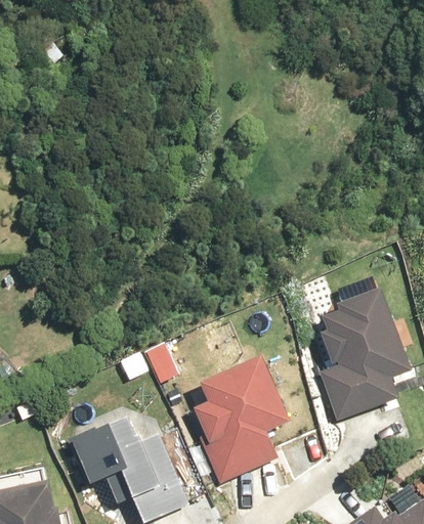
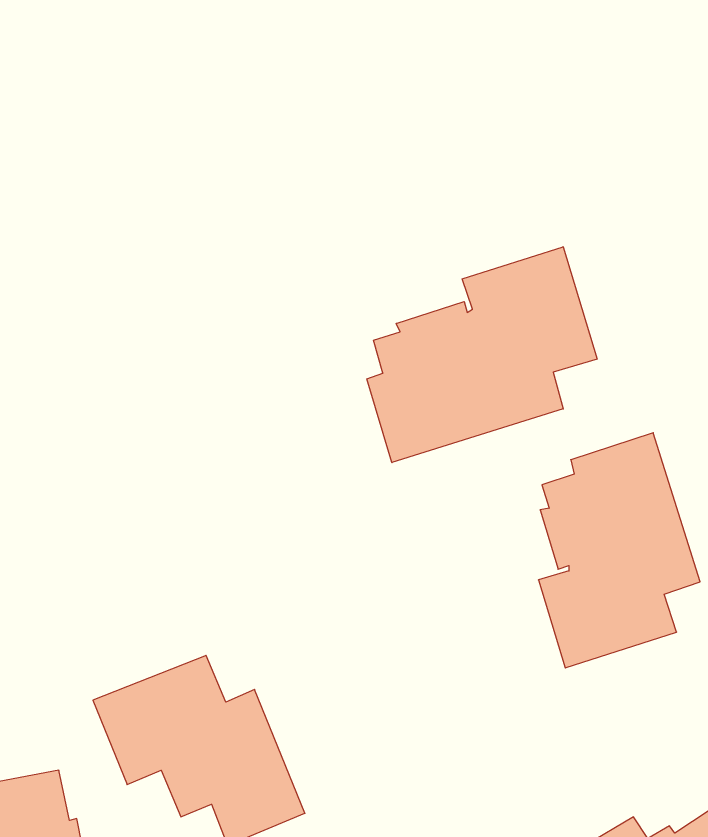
building: none -> [367,247,597,463]
building: [194,355,291,483] -> none

